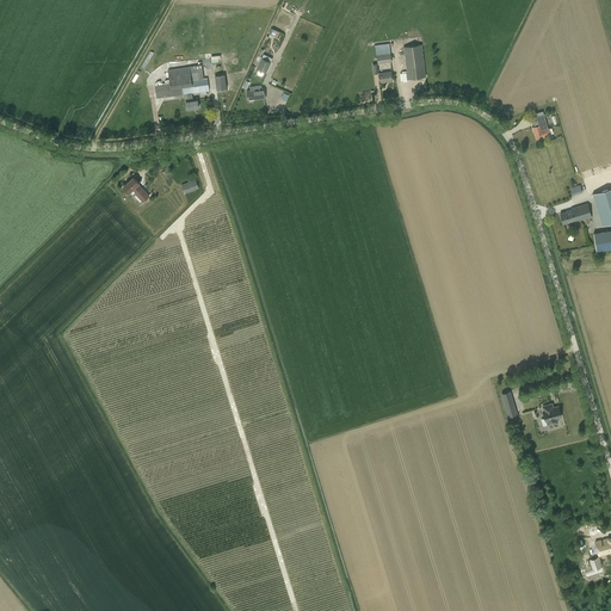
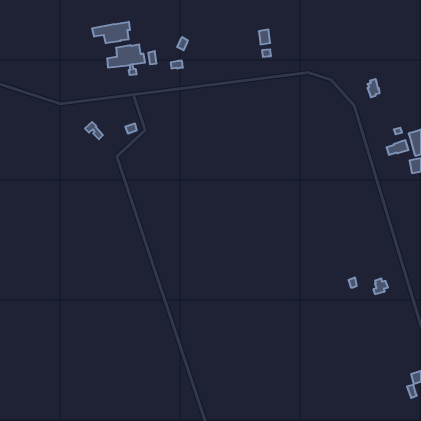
building: none -> [92,22,130,43]
building: [403,44,426,79] -> none

